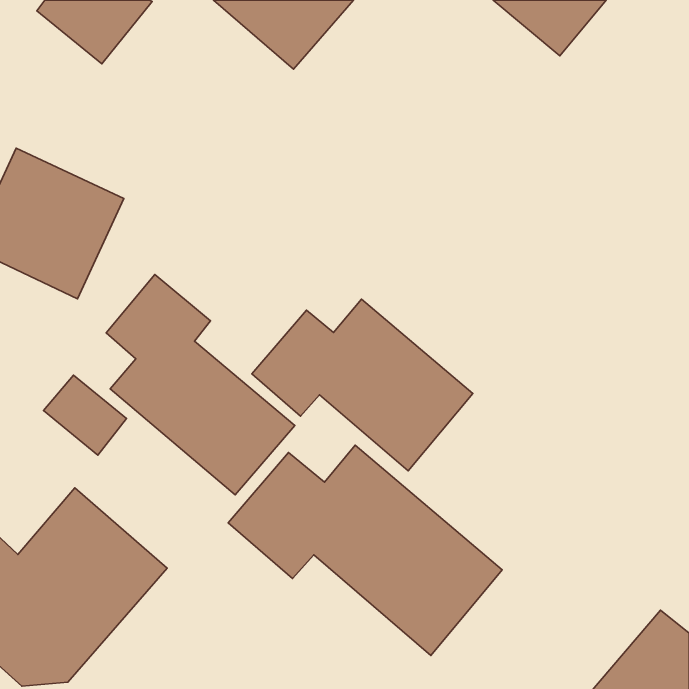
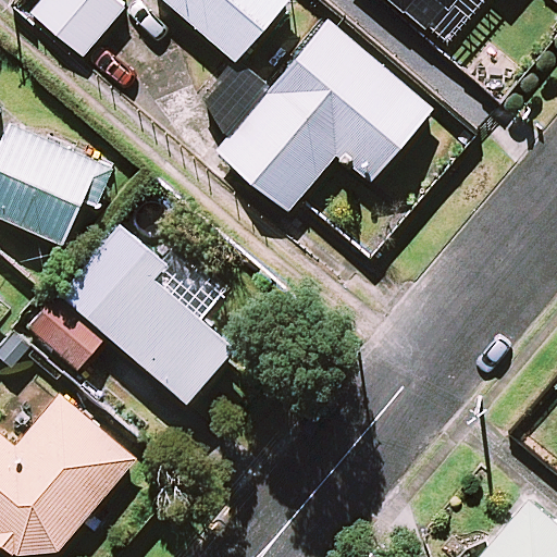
building: none -> [198,22,431,210]
building: [252,299,473,471] -> none
building: [228,445,502,655] -> none

